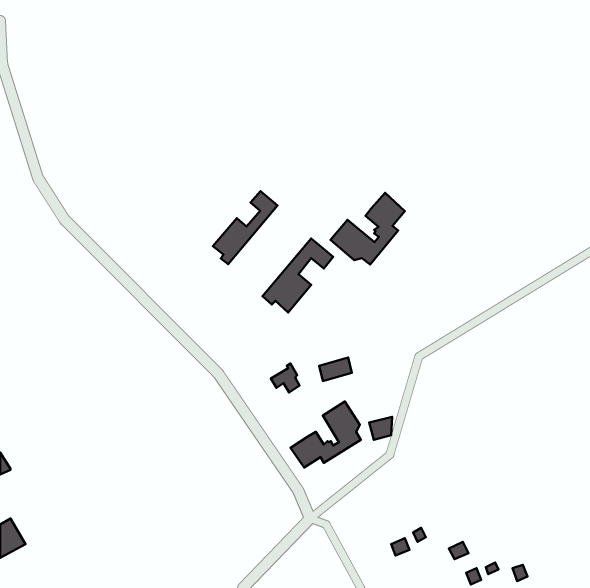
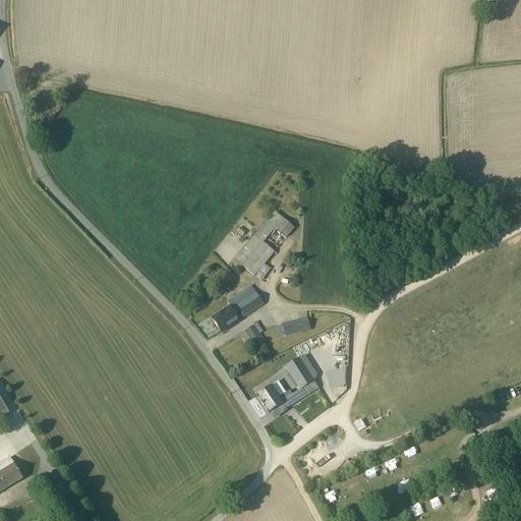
building: [213,191,278,264] -> none
building: [331,193,405,264] -> none
building: none -> [212,283,264,330]

